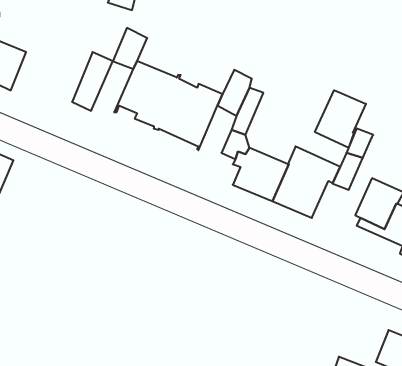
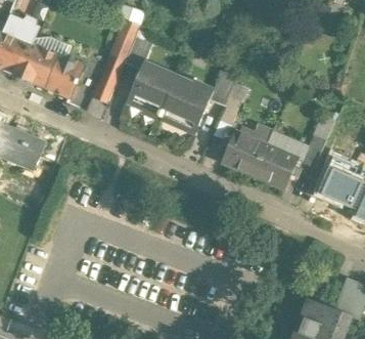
building: none -> [108,17,136,60]
building: none -> [43,52,82,94]
building: [315,90,366,148] -> none

